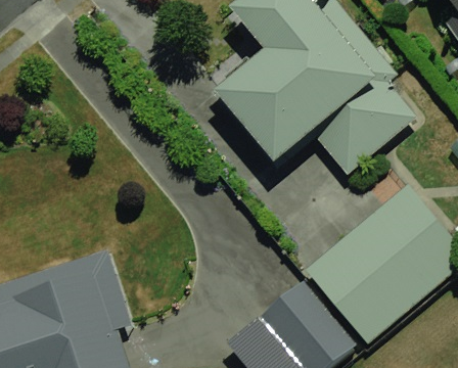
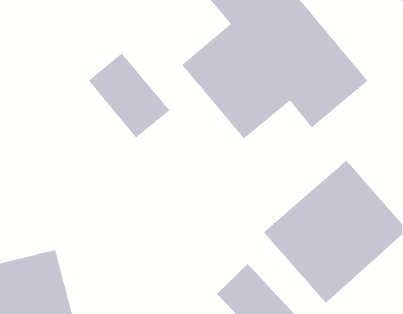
building: none -> [88,52,171,139]

